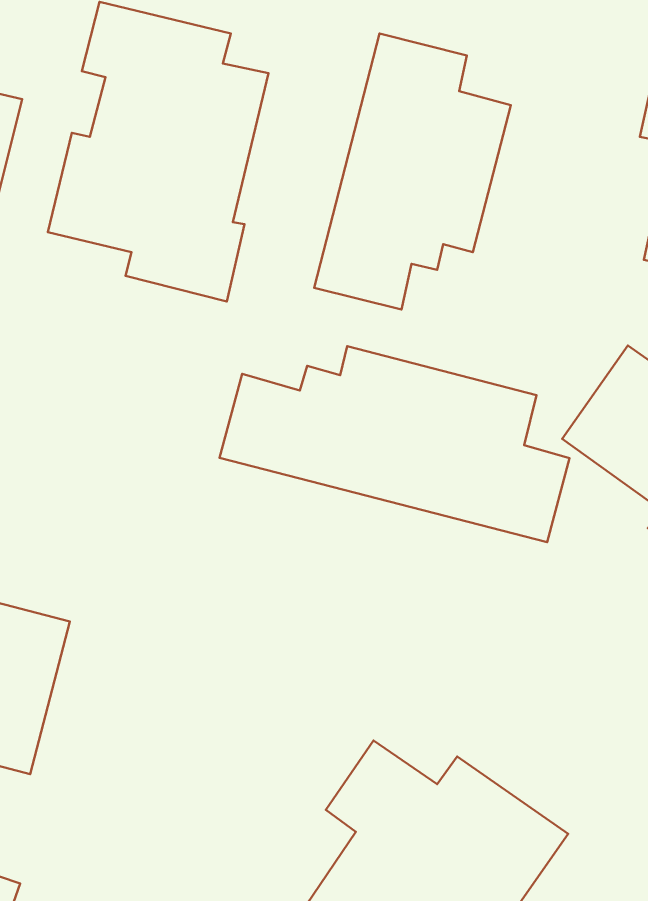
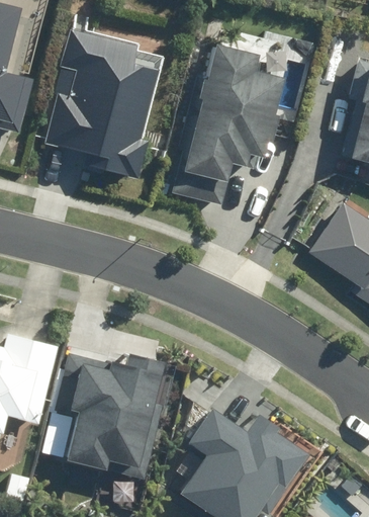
building: [219,346,570,542] -> none
building: none -> [41,350,165,481]

